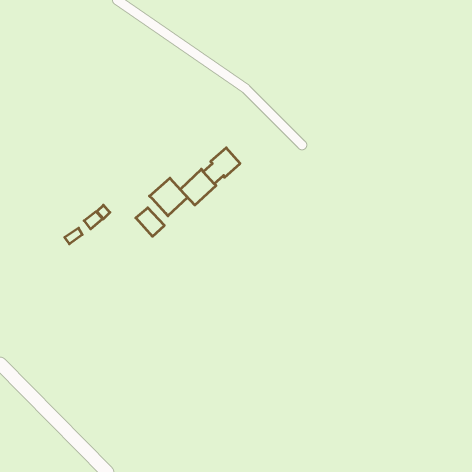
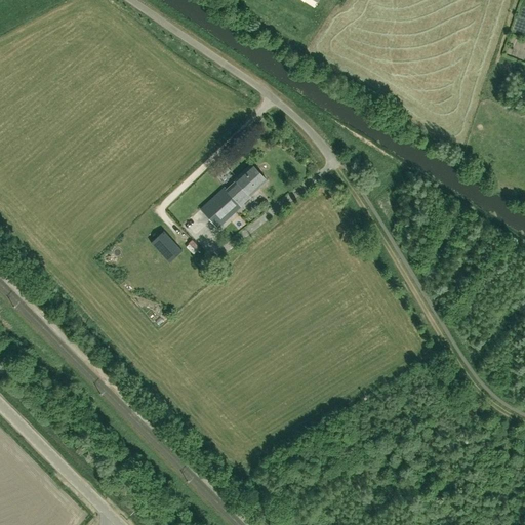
building: [149,178,188,216] -> none

